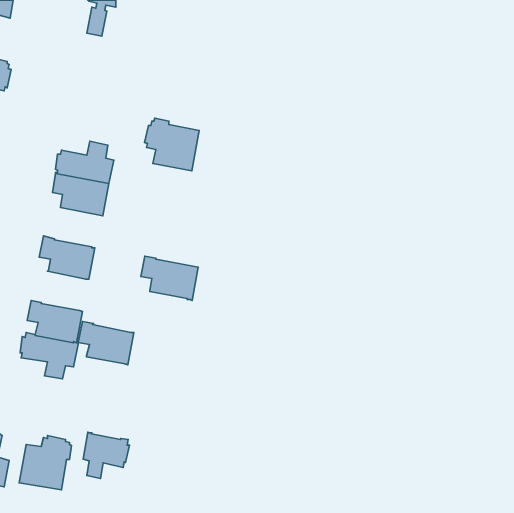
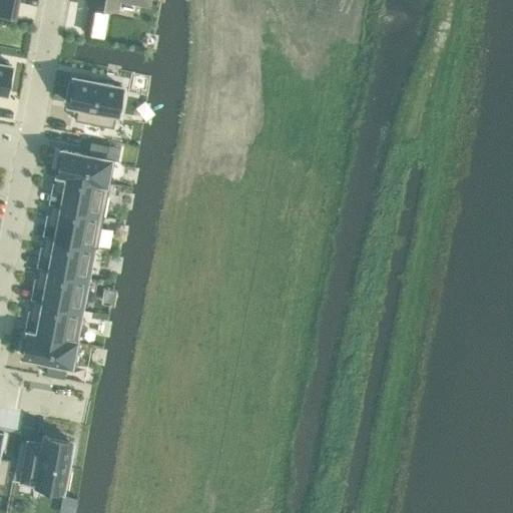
building: [145,118,199,171] -> [65,76,119,128]
building: [141,256,198,301] -> [45,205,102,249]
building: [78,321,134,365] -> [33,269,88,312]
building: [83,432,129,479] -> none

